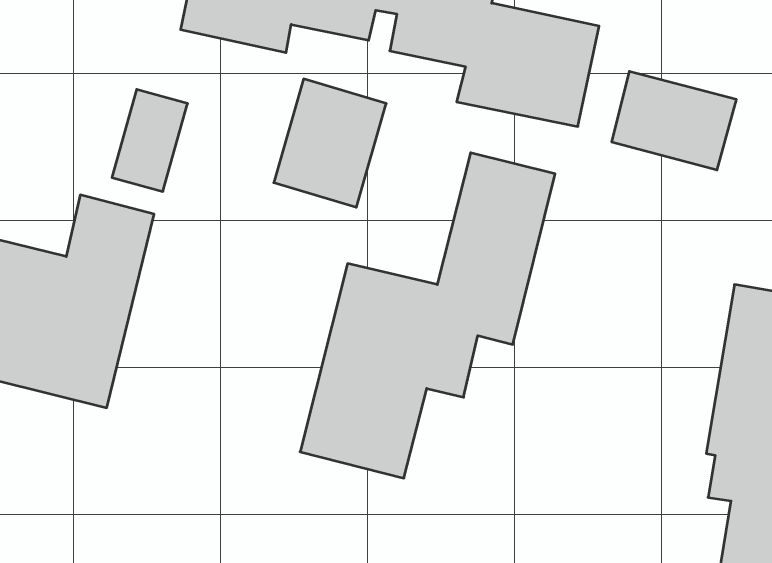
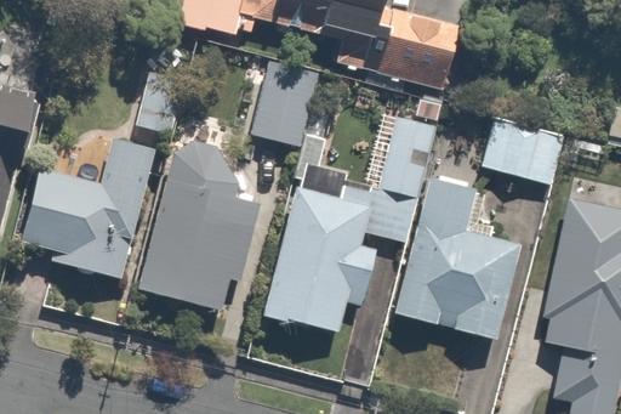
building: [612,71,736,170] -> [479,118,565,186]
building: none -> [137,138,263,317]
building: none -> [393,177,520,344]

